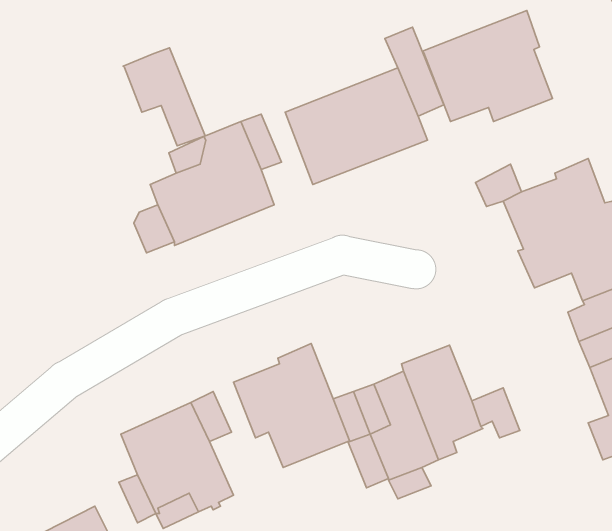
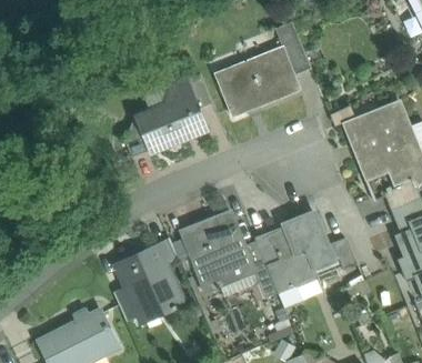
building: [422,10,553,121] -> none
building: [123,48,205,146] -> none

